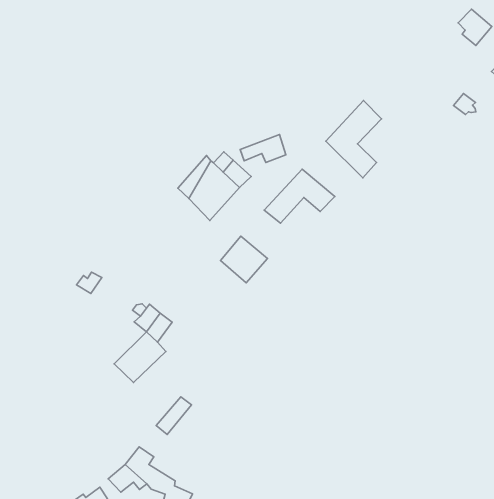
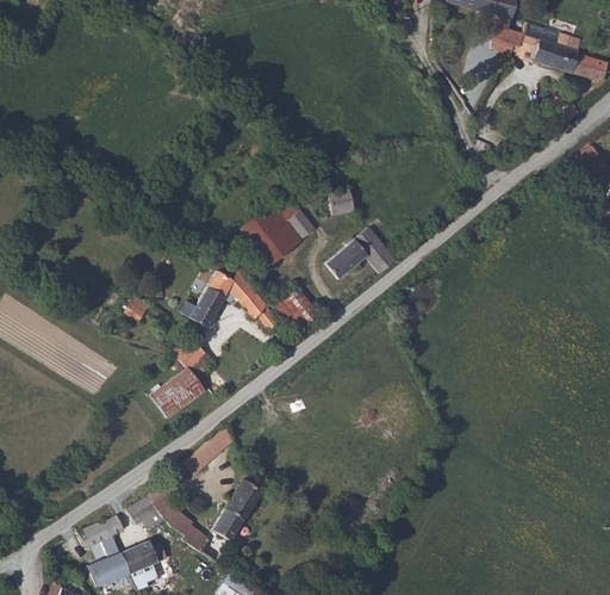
building: [326,101,381,178] -> none
building: none -> [180,261,280,329]
building: none -> [213,478,261,539]

